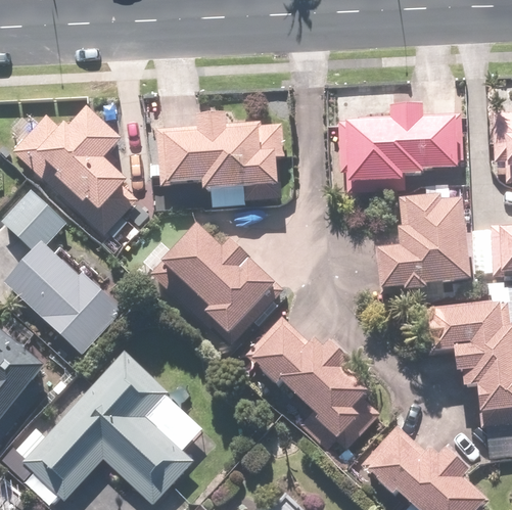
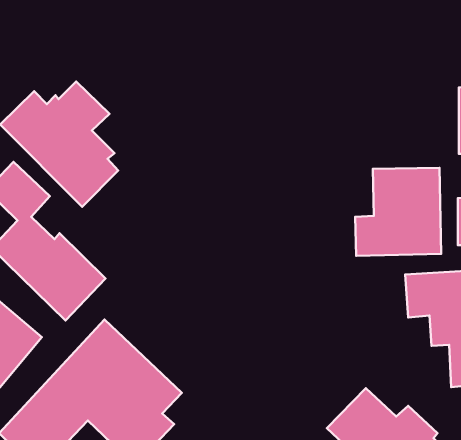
building: [348,105,462,179] -> none
building: [154,109,282,185] -> none
building: [154,222,285,347] -> none
building: [246,316,377,449] -> none

